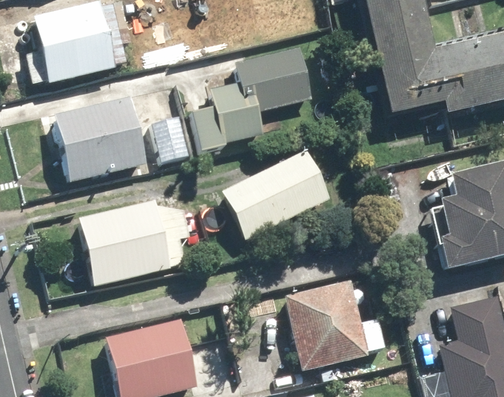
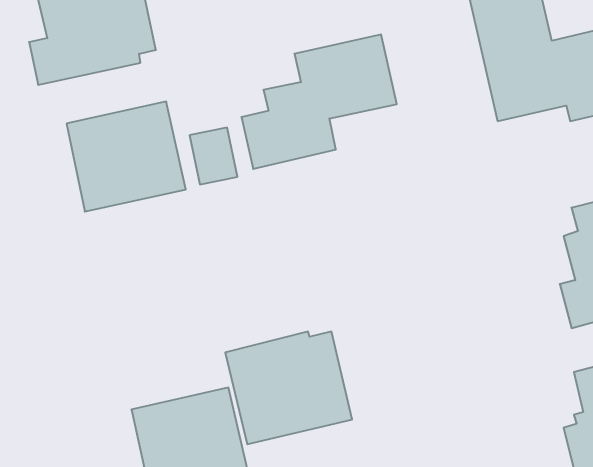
building: [222,148,332,239] -> none
building: [78,198,191,285] -> none
building: [287,281,385,368] -> [225,332,352,444]

